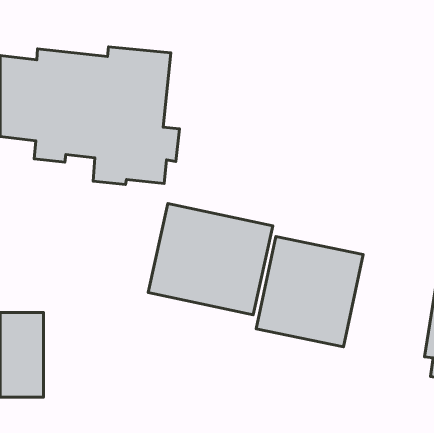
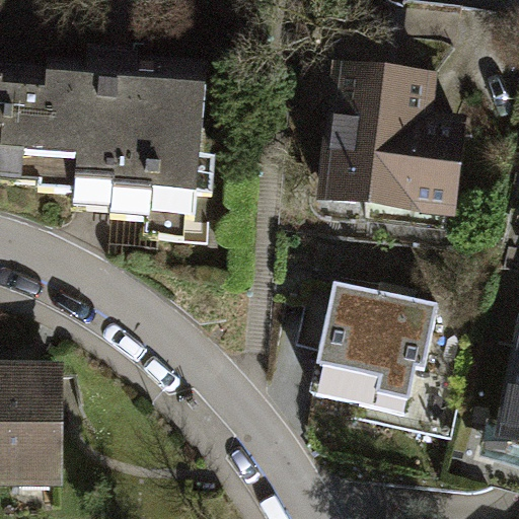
building: none -> [326,66,464,226]
building: [148,204,273,315] -> none

